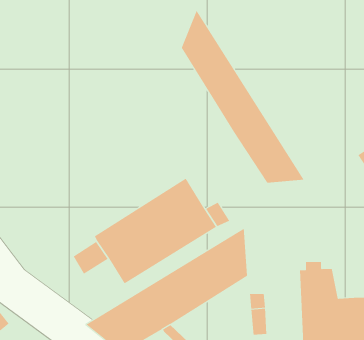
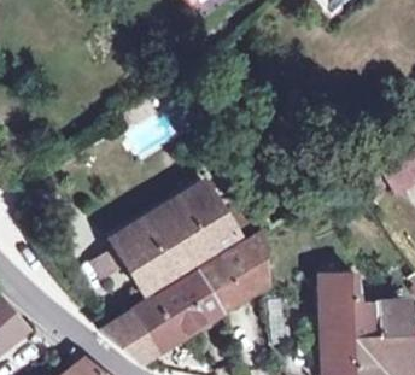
building: [181,10,304,184] -> none

